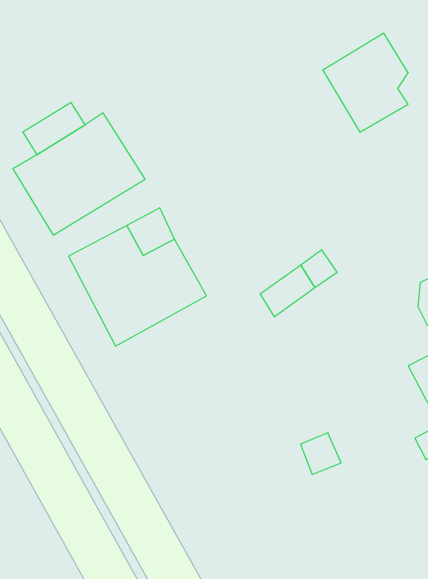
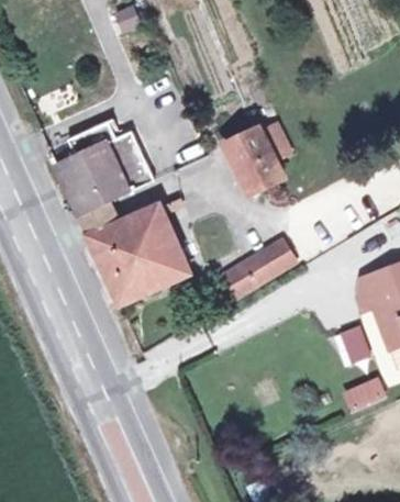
building: [323,33,408,132] -> [230,123,292,194]

